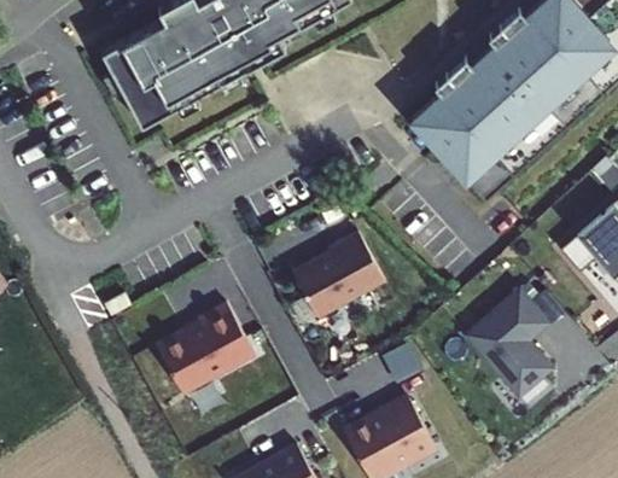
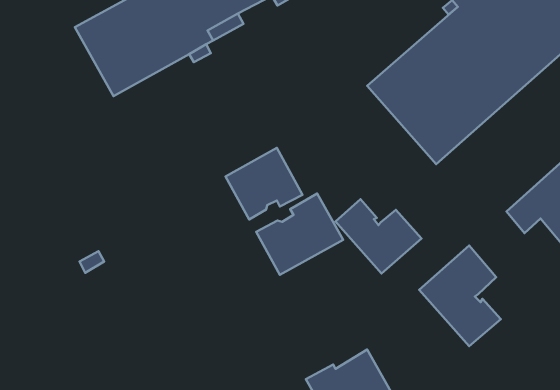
building: none -> [225,148,302,219]
building: none -> [336,199,422,274]
building: [153,305,252,396] -> none

